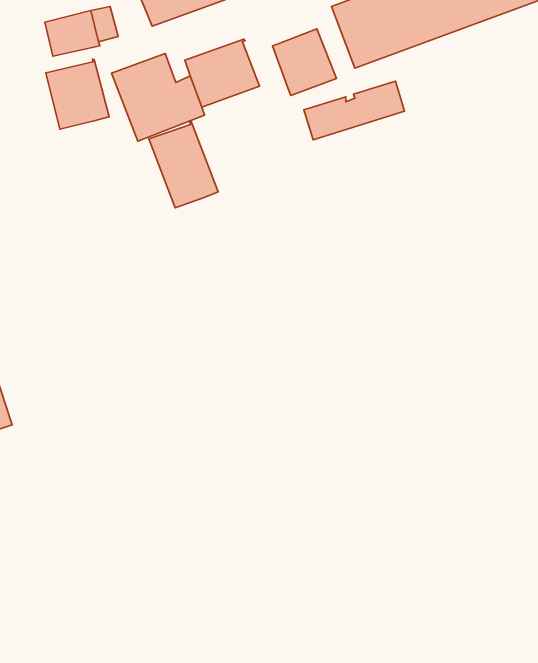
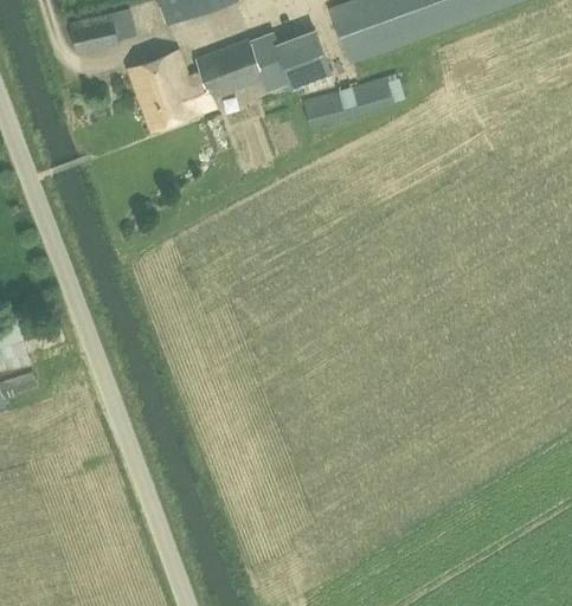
building: none -> [246,30,288,92]
building: [46,59,109,129] -> none
building: [149,121,218,208] -> none

